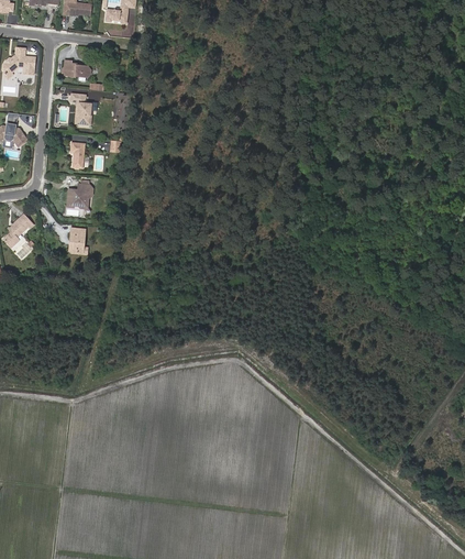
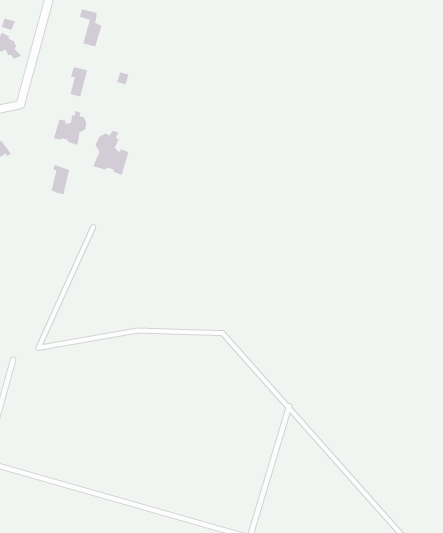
building: none -> [92,130,129,176]

